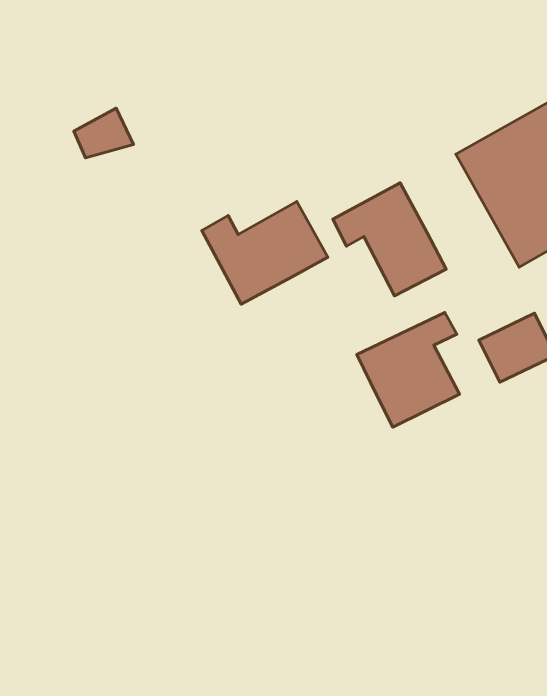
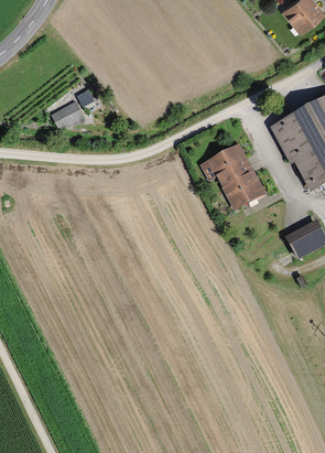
building: [202,202,328,304] -> none
building: [357,312,459,427] -> none

